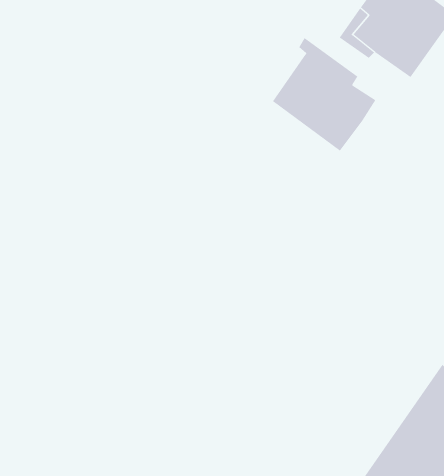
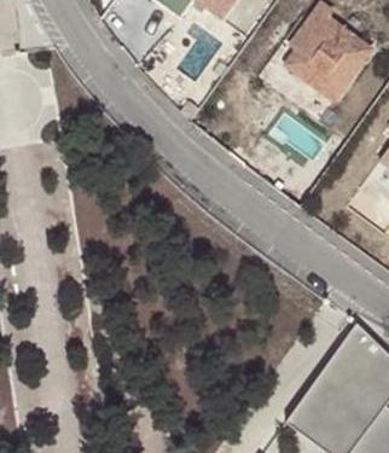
building: [272,37,376,151] -> none

